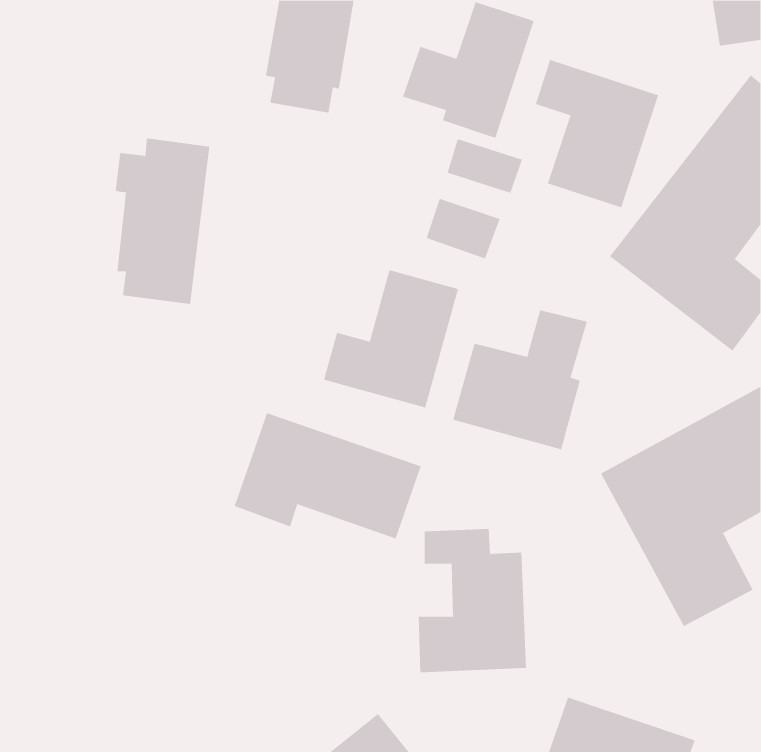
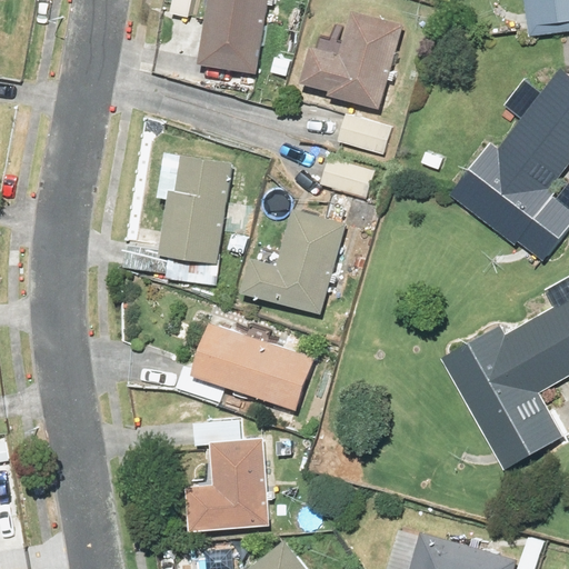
building: [535,59,659,208] -> none
building: [115,138,210,304] -> [157,156,228,280]
building: [453,310,587,450] -> none
building: [418,528,527,673] -> [192,426,273,533]

